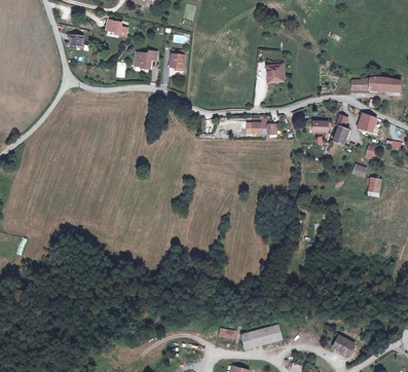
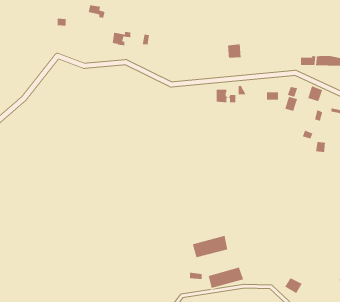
building: none -> [192,235,228,258]

